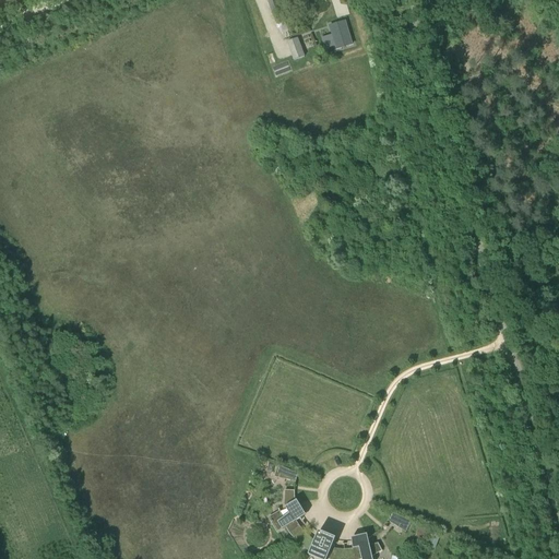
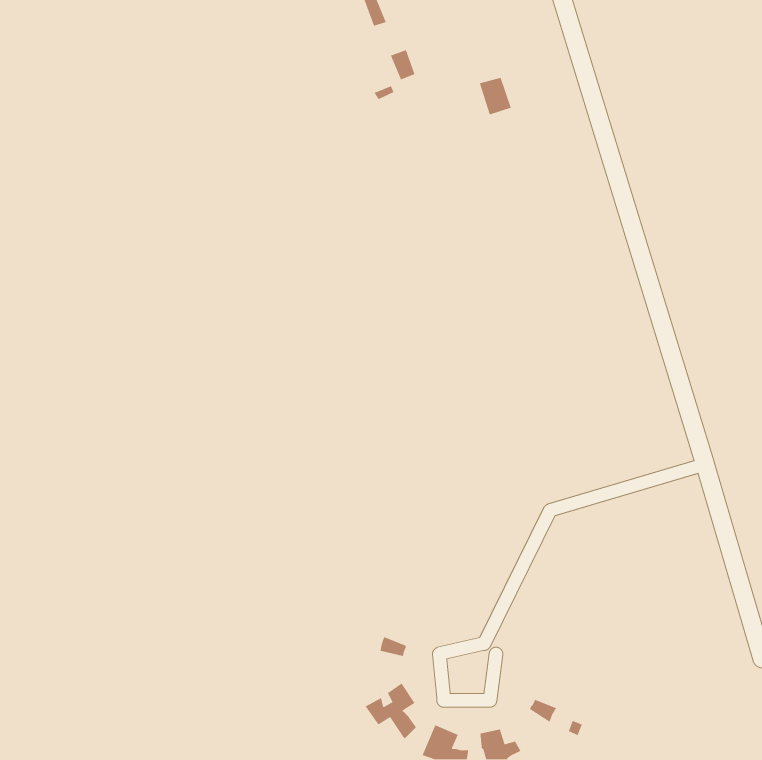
building: [328,20,352,48] -> [479,77,512,116]

